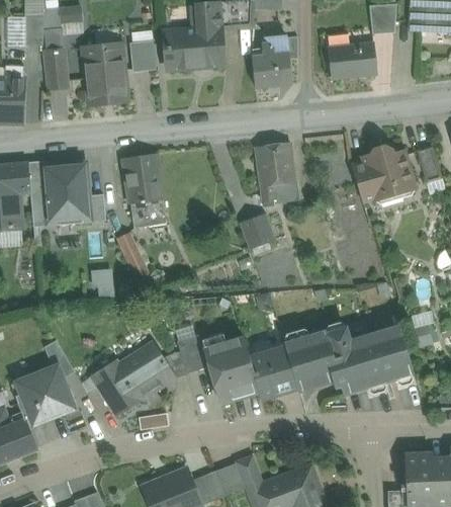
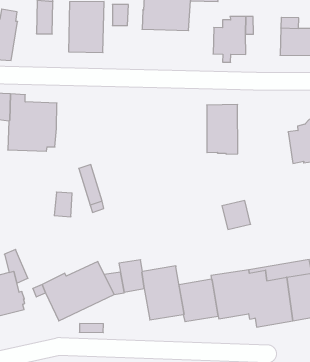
building: [123,154,167,228] -> none
building: [78,194,106,223] -> none
building: [240,214,275,249] -> [222,201,251,229]

